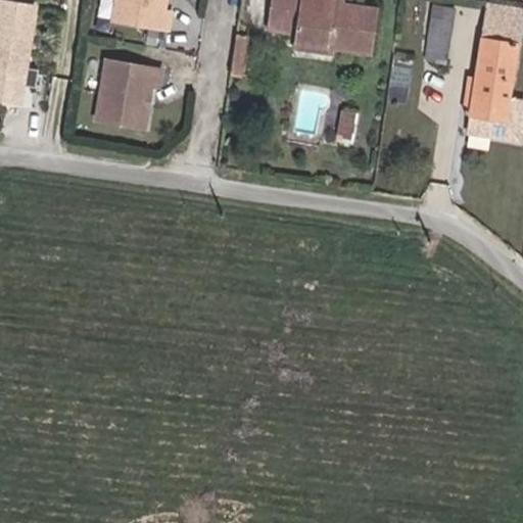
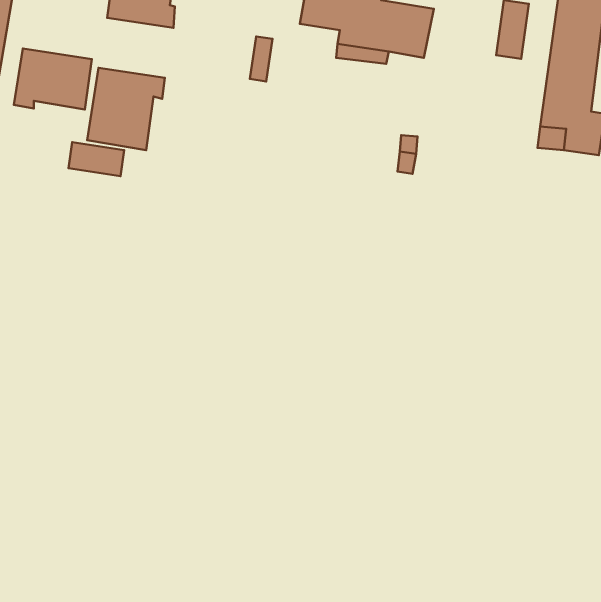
building: none -> [14,49,92,109]
building: none -> [69,142,124,176]

